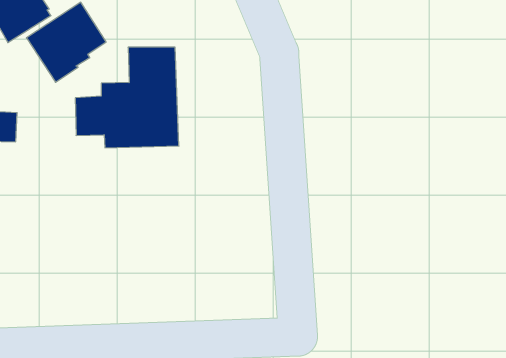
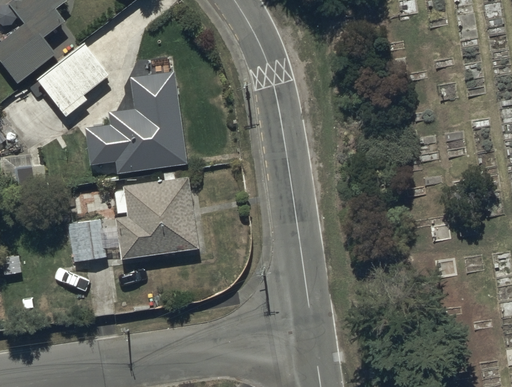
building: none -> [68,171,197,260]

